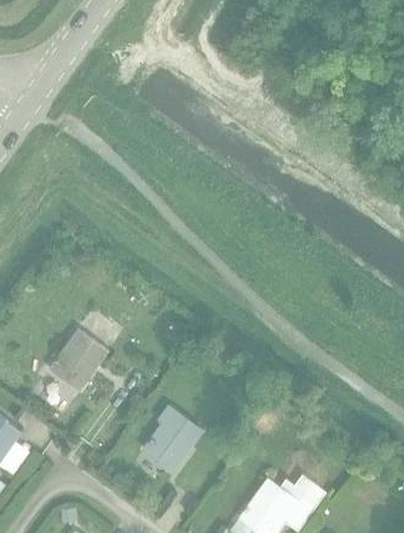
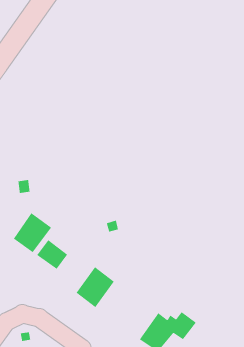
building: none -> [36,239,68,270]

